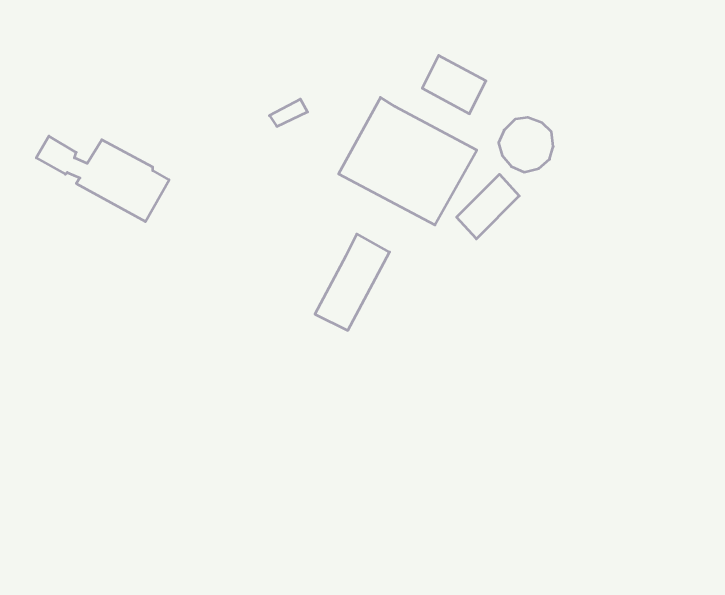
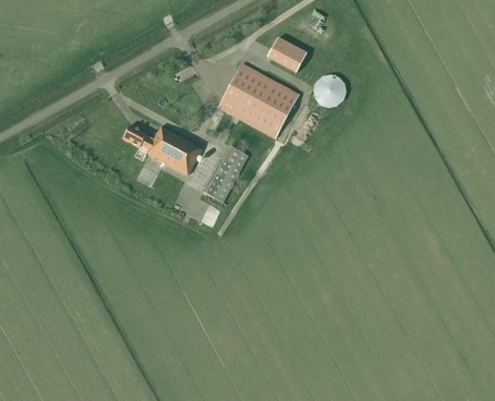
building: [36,136,169,222] -> [122,124,202,175]
building: [457,174,519,239] -> none

